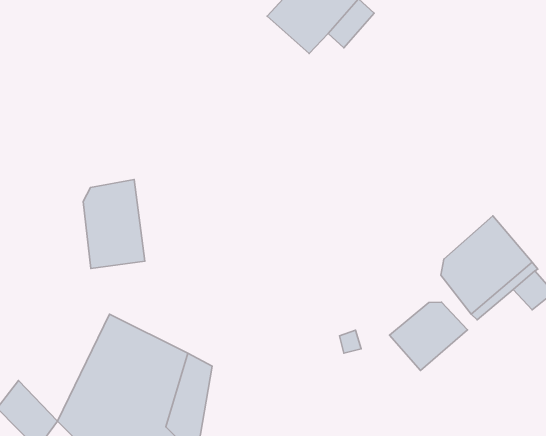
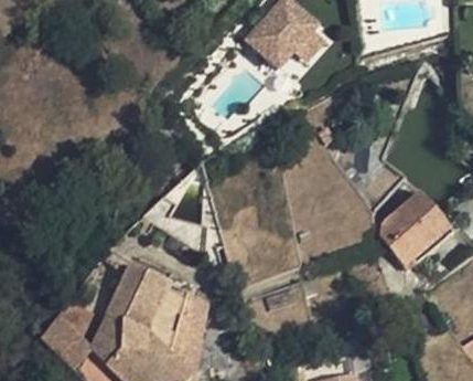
building: [83,180,145,269] -> none
building: [390,302,468,370] -> none

